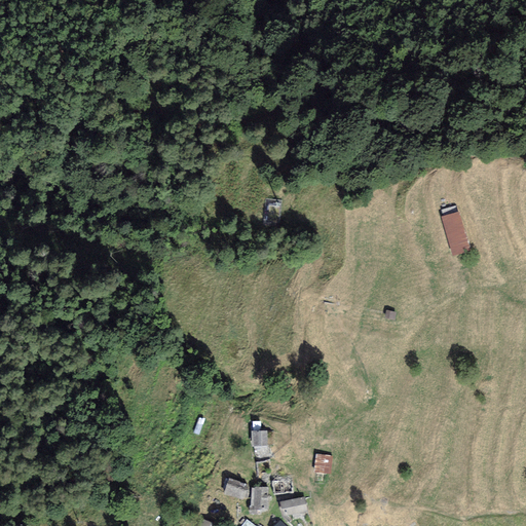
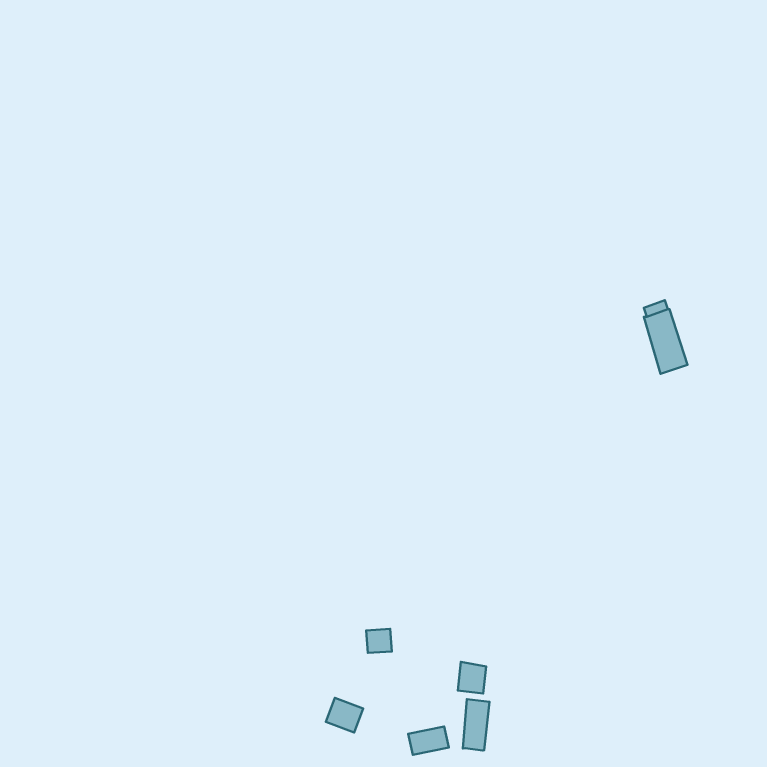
building: none -> [463,699,489,751]
building: [251,487,268,510] -> none

